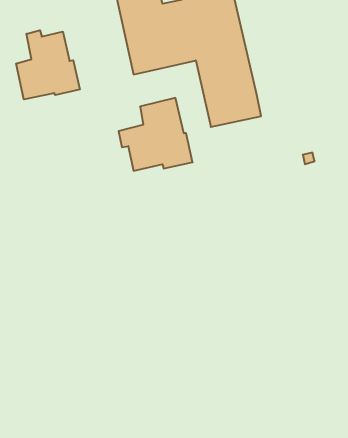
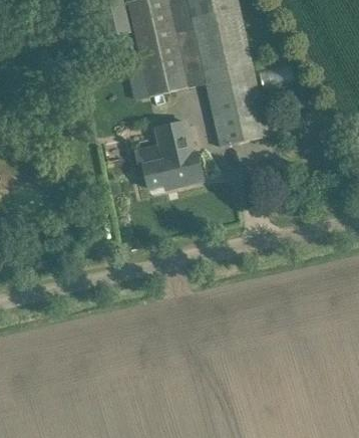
building: [16,30,80,99] -> none

